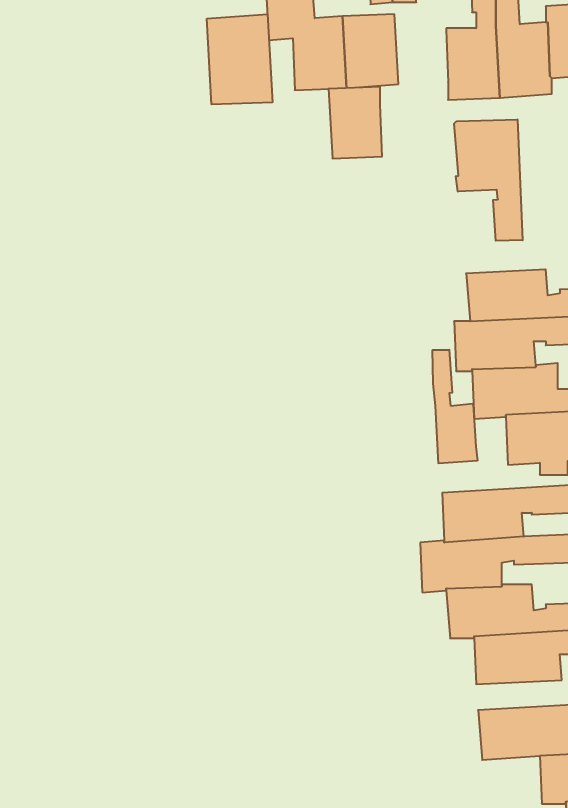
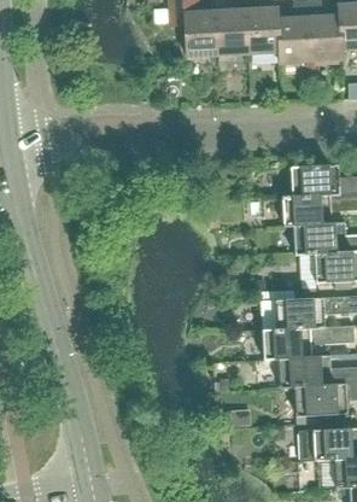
building: [207,14,272,104] -> none
building: [328,87,382,158] -> [245,10,277,53]
building: [454,119,523,241] -> none
building: [433,350,477,463] -> none

